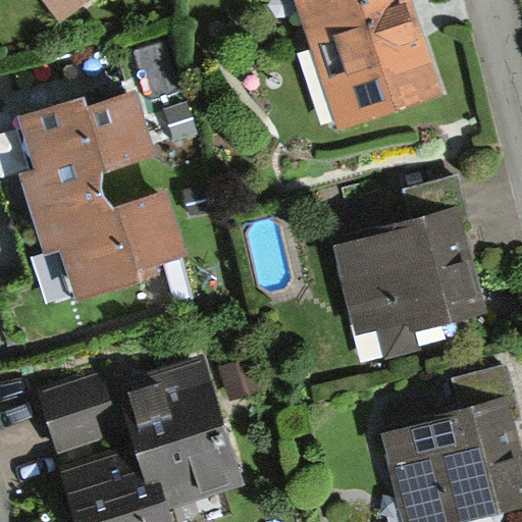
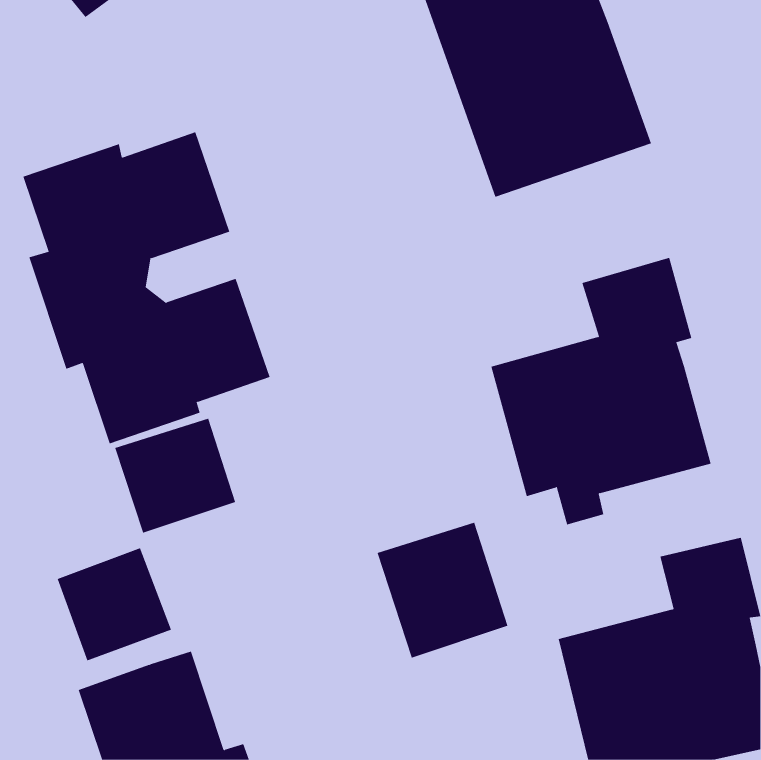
building: none -> [115,418,236,534]
building: none -> [377,522,508,658]
building: [112,357,245,511] -> none

